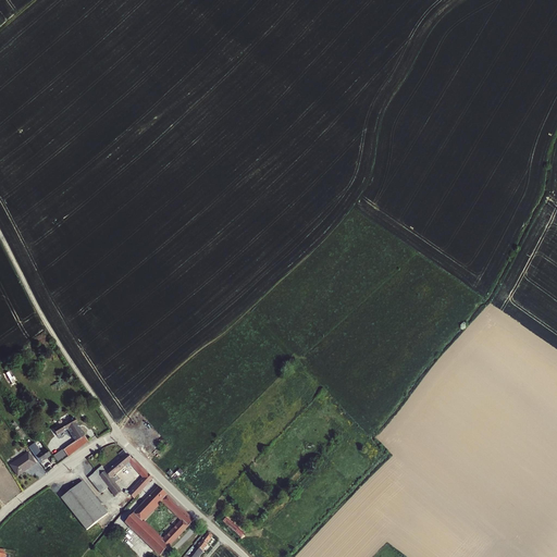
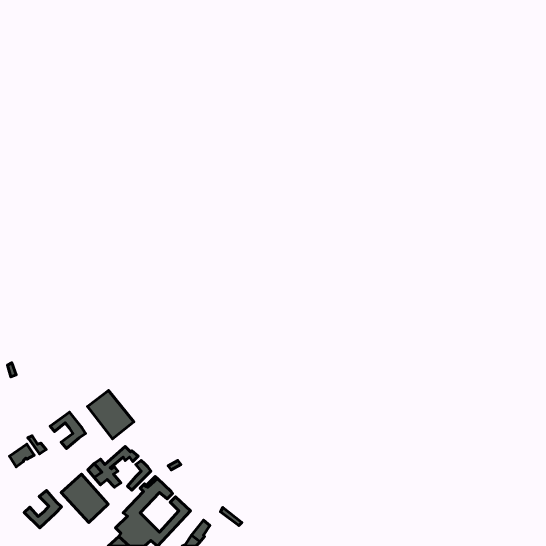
building: none -> [88,391,134,439]
building: none -> [24,490,62,528]

